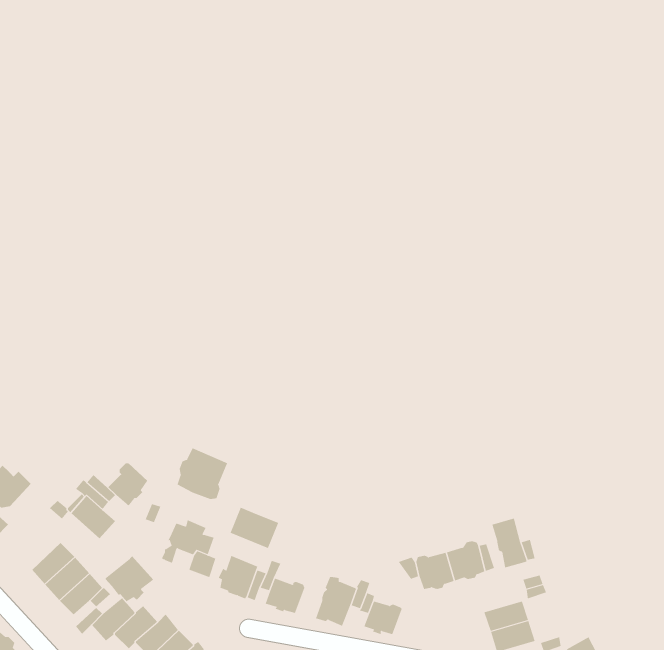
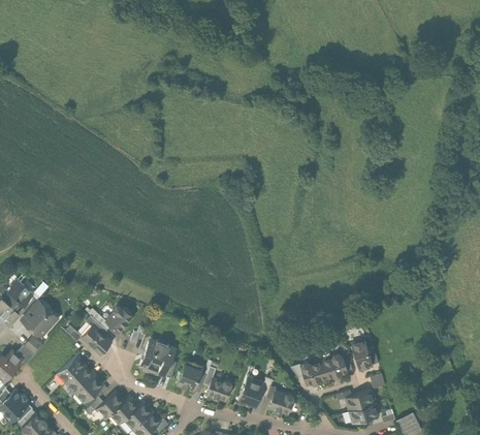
building: [177,448,228,500] -> none
building: [230,507,279,549] -> none
building: [105,555,154,602] -> none

